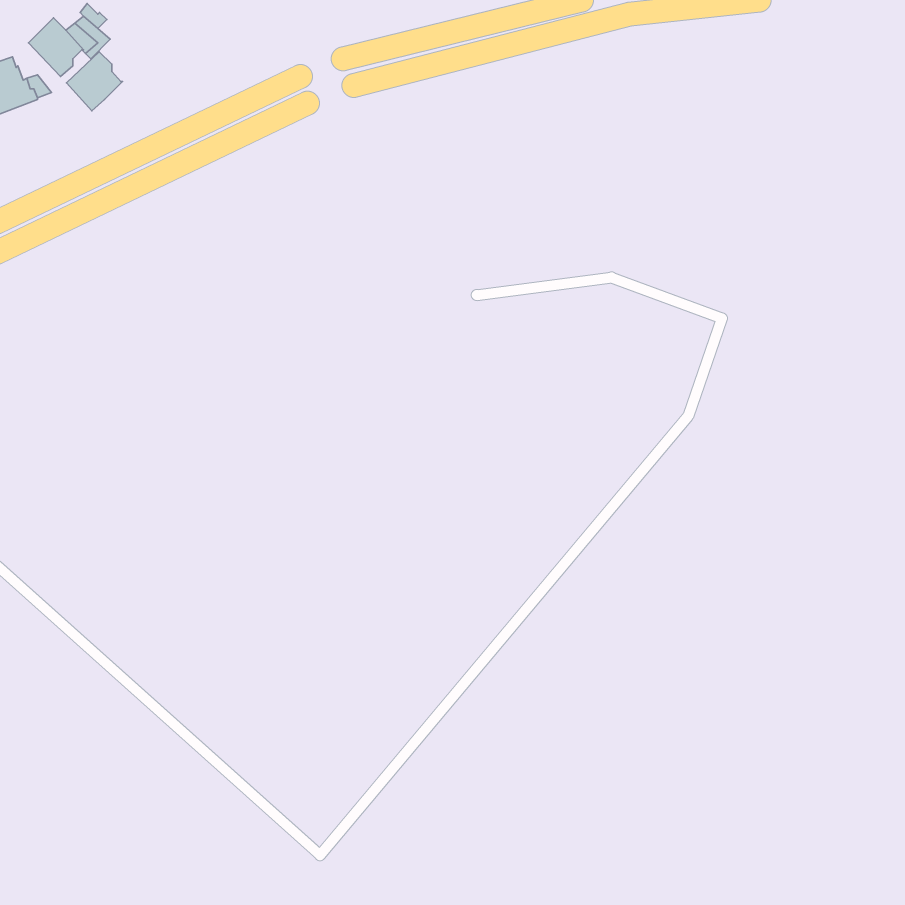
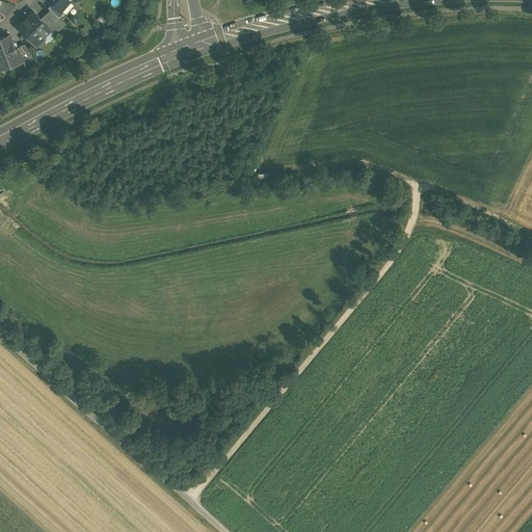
building: [66,52,123,111] -> none

